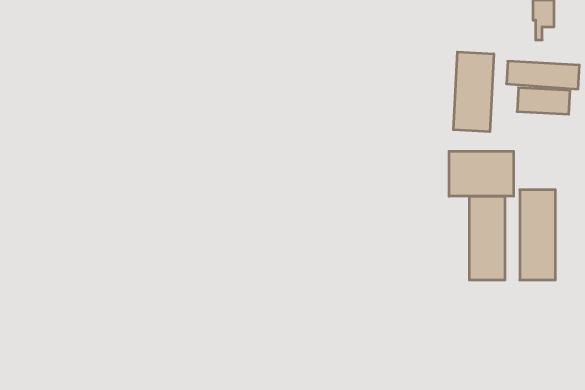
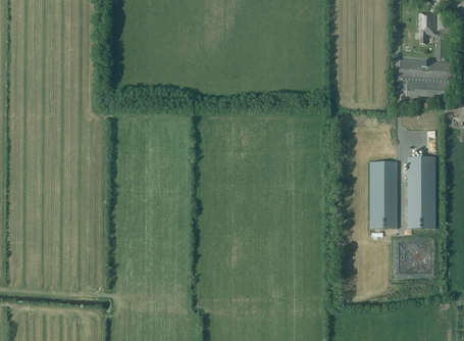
building: [453,52,494,132] -> none
building: [449,151,514,196] -> none

